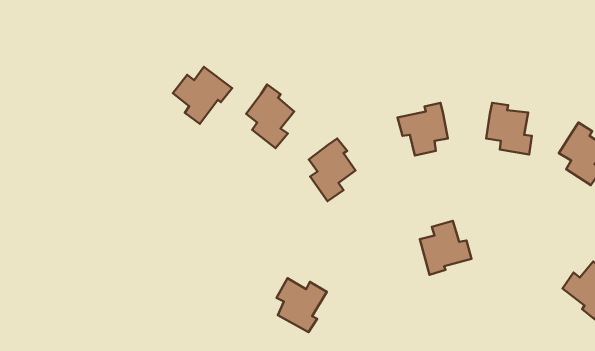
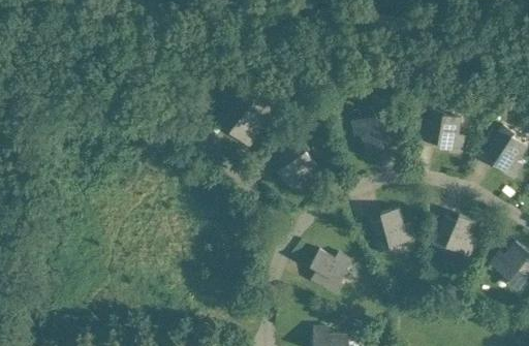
building: [173,67,232,124] -> none
building: none -> [432,215,476,256]
building: [277,278,327,332] -> [310,249,352,294]

